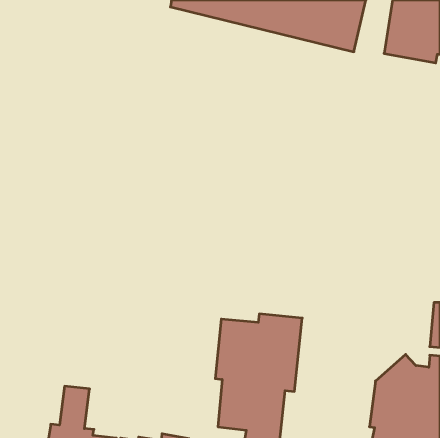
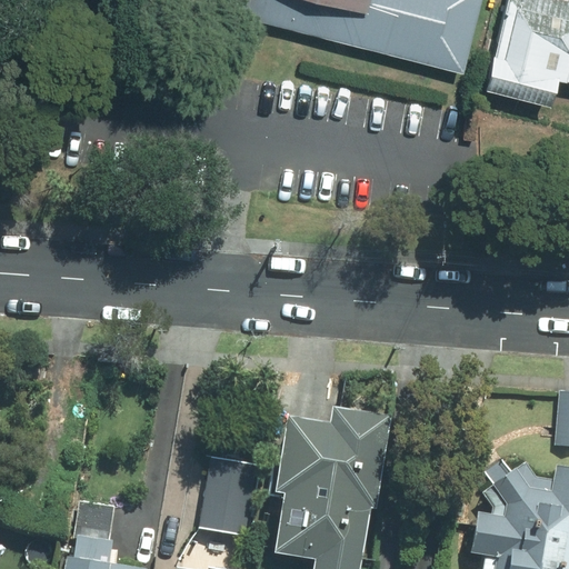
building: none -> [199,456,259,538]

